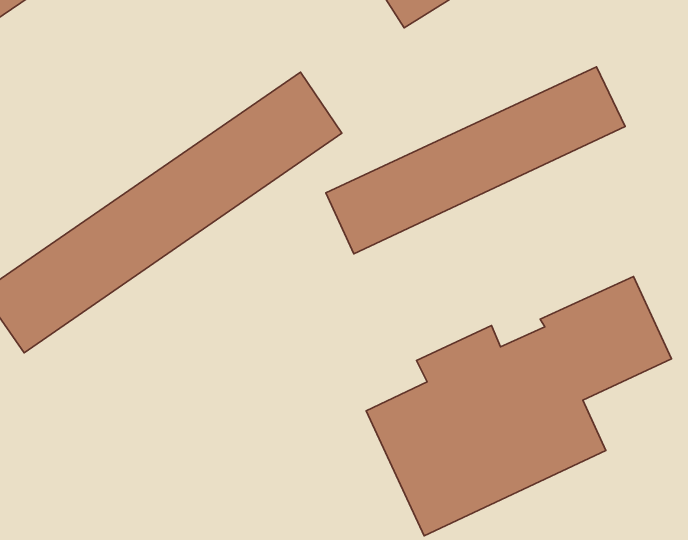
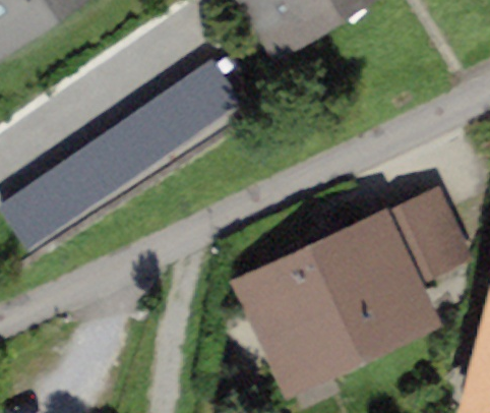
building: [326,67,625,254] -> none

